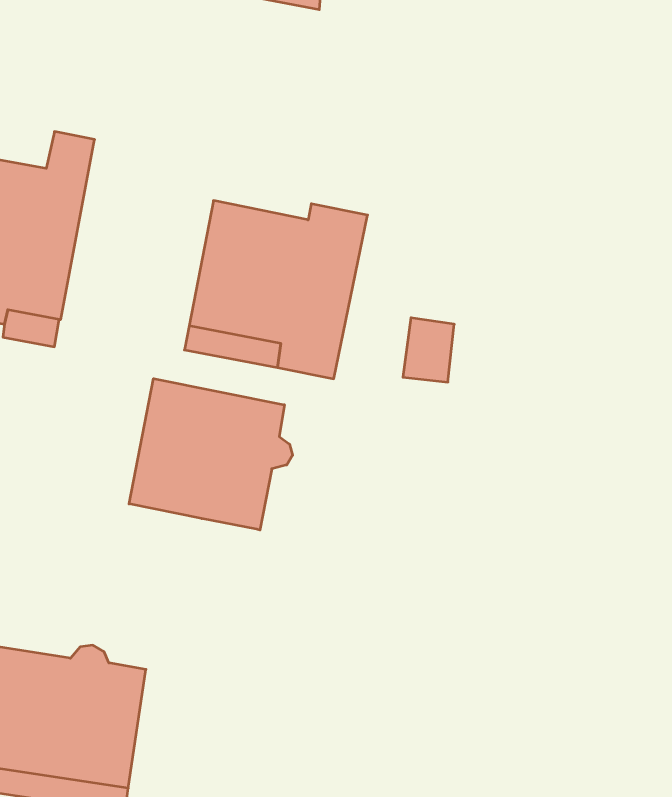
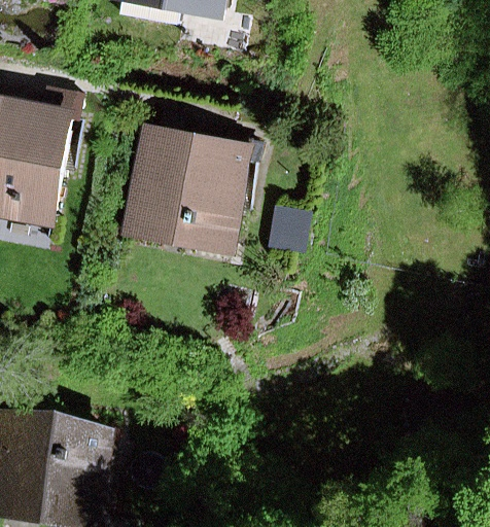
building: [129,379,293,530] -> none

